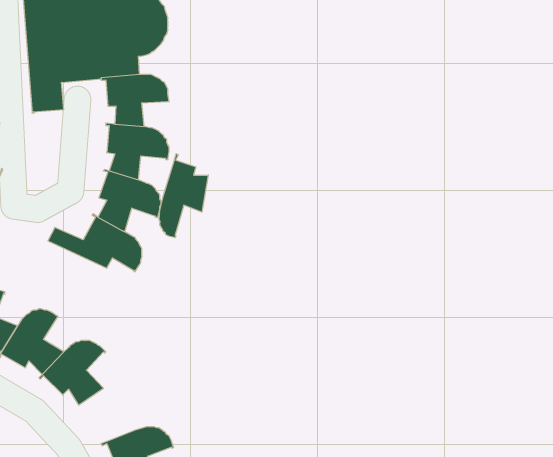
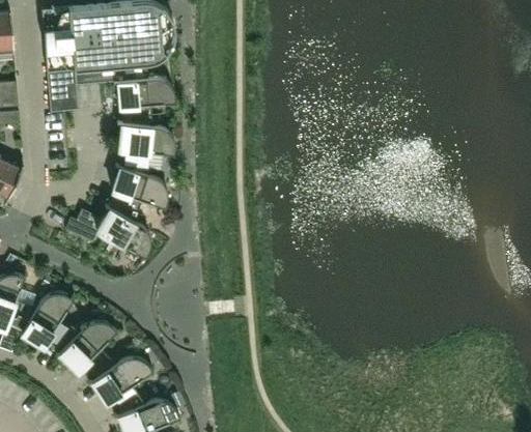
building: [159,154,208,238] -> none
building: none -> [87,357,151,413]

